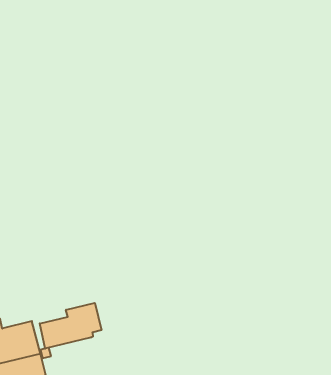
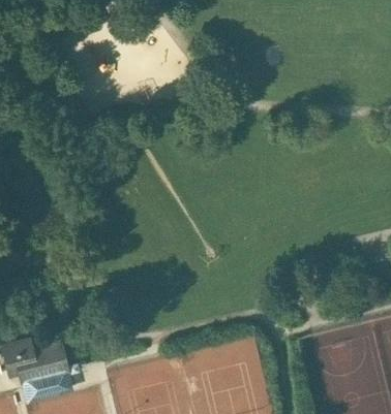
building: [40,303,101,349] -> none

